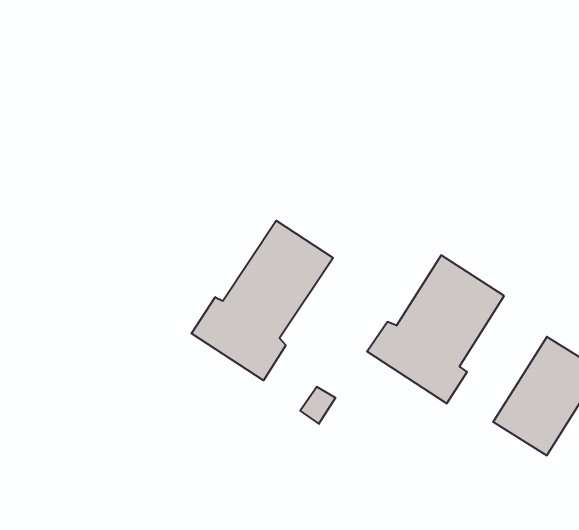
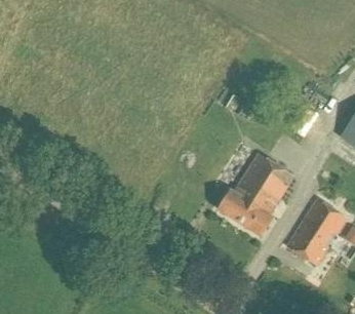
building: [191,221,333,380] -> none

